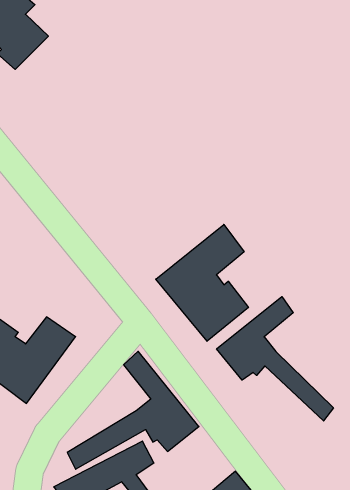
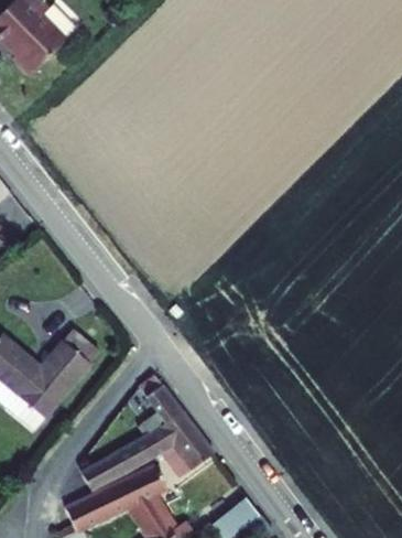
building: [156,224,248,341] -> none
building: [217,297,333,421] -> none

